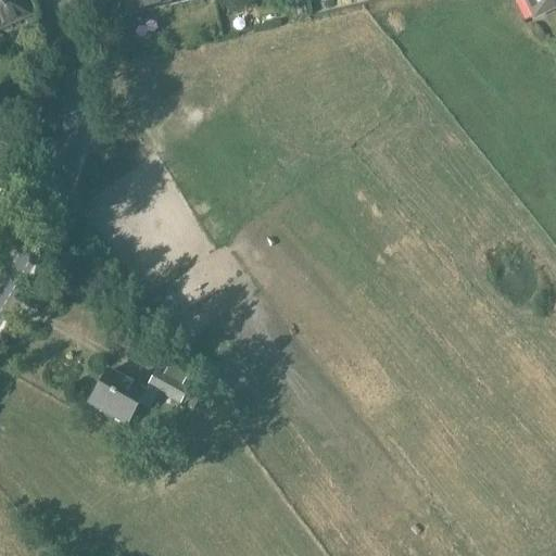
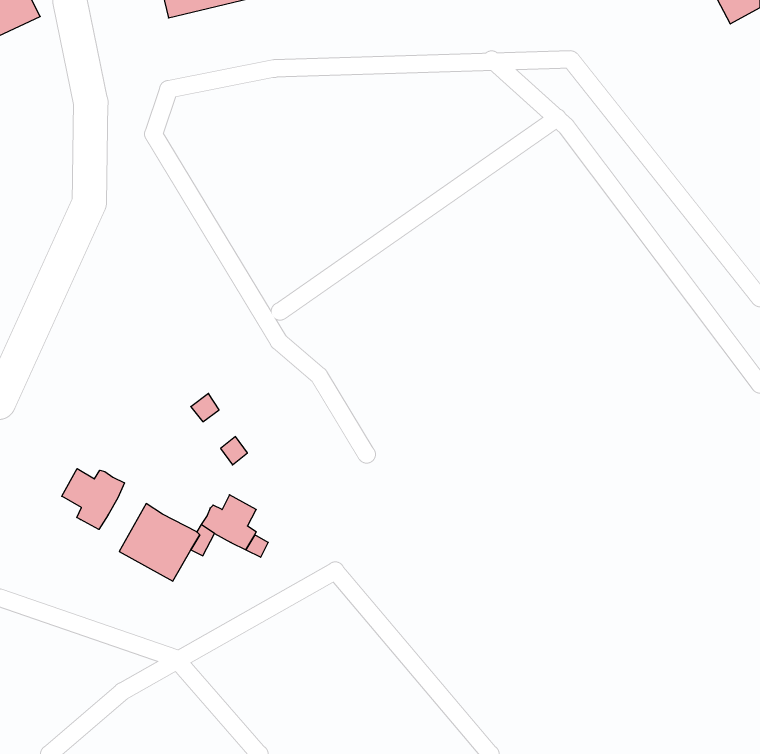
building: none -> [62,469,124,529]

